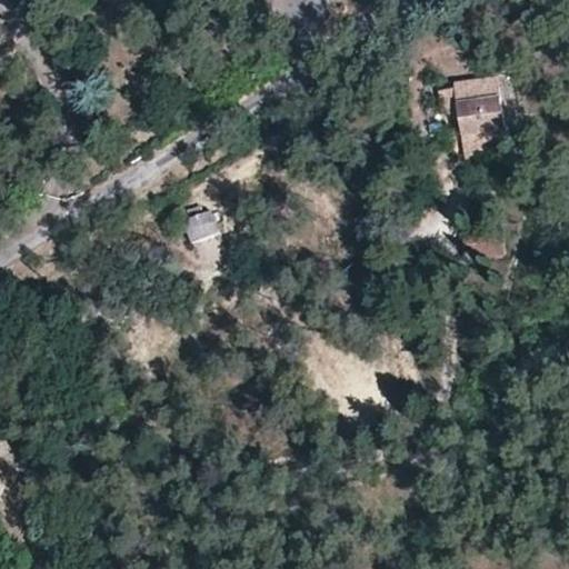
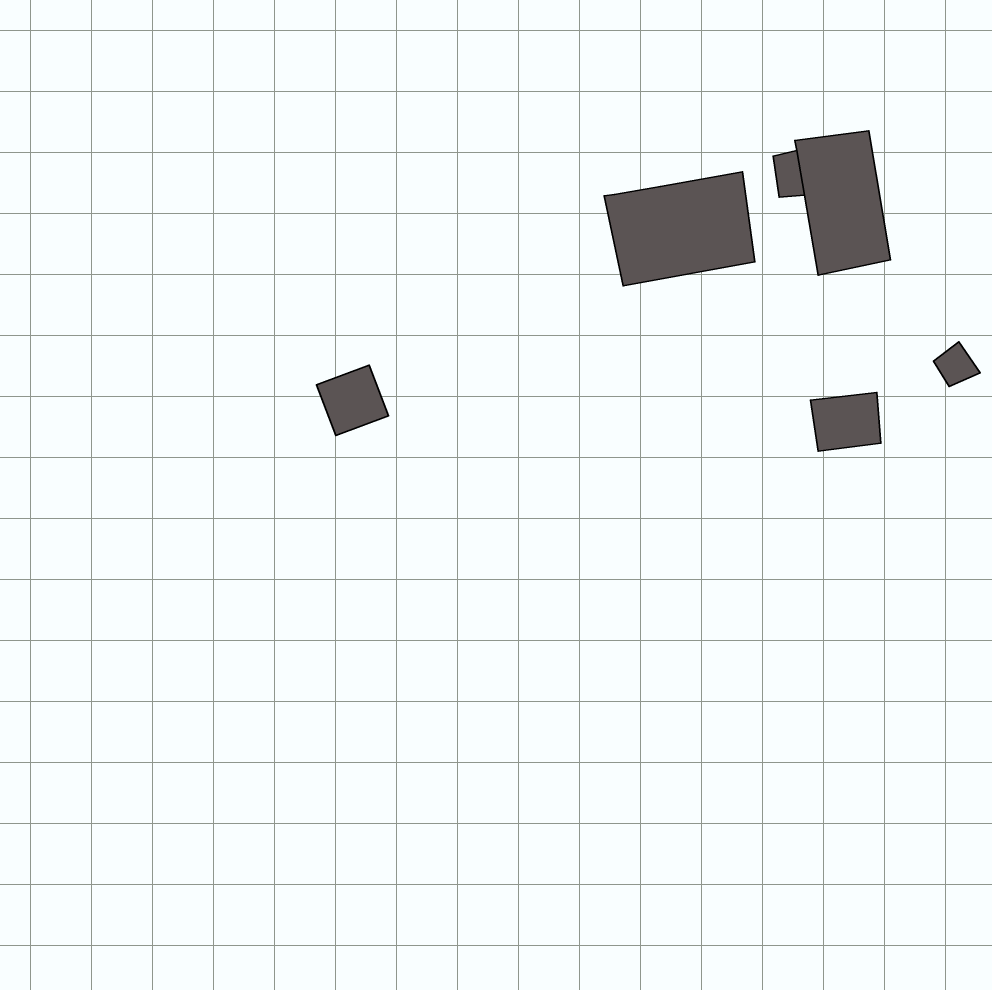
building: none -> [604,172,755,286]

